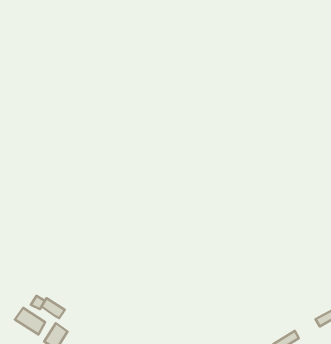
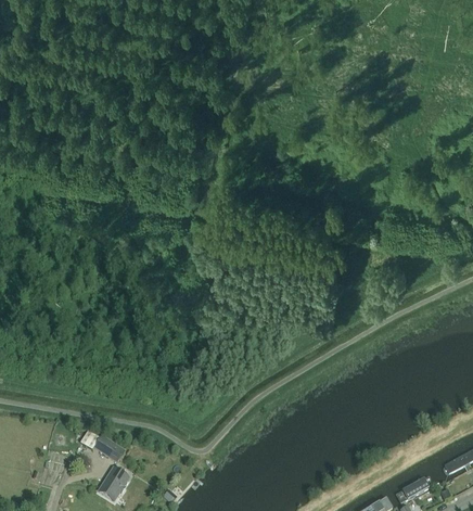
building: [15,308,45,334] -> none

